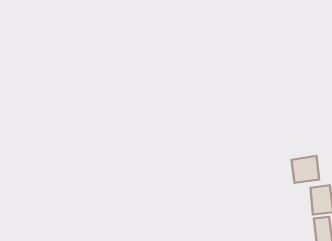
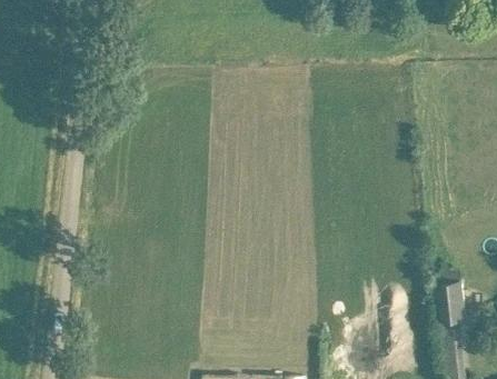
building: [292,156,319,183] -> none

